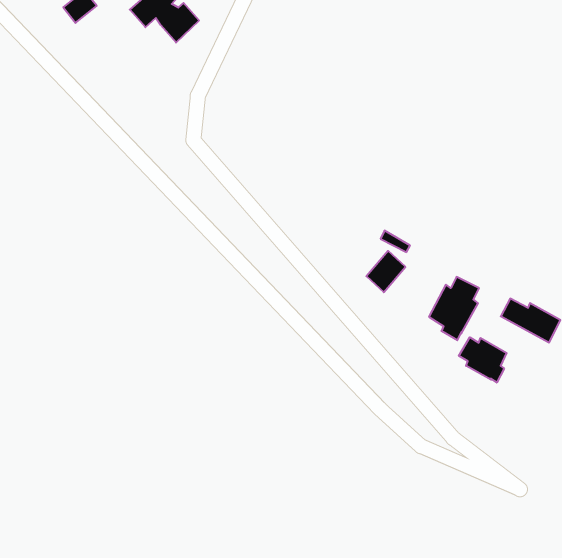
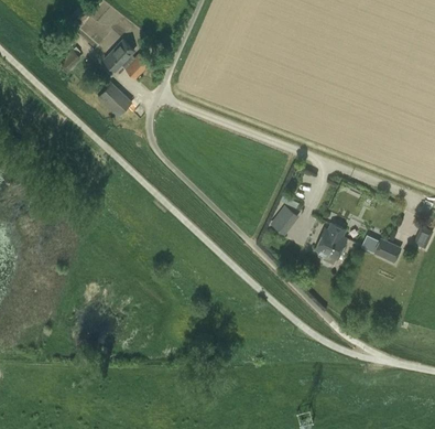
building: none -> [97,83,131,116]
building: [459,337,507,383] -> none

